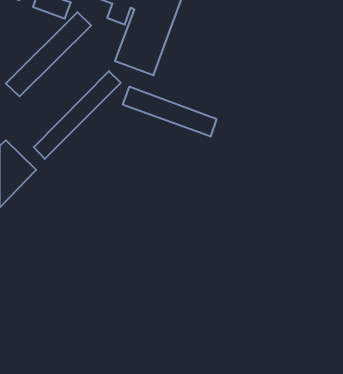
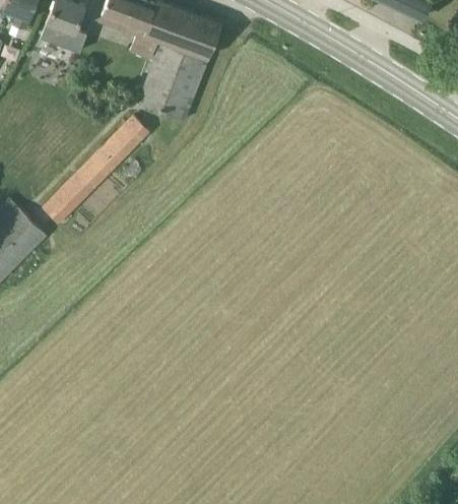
building: [6,12,91,96] -> none
building: [123,87,216,137] -> none

